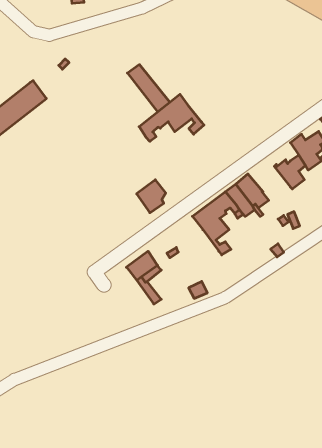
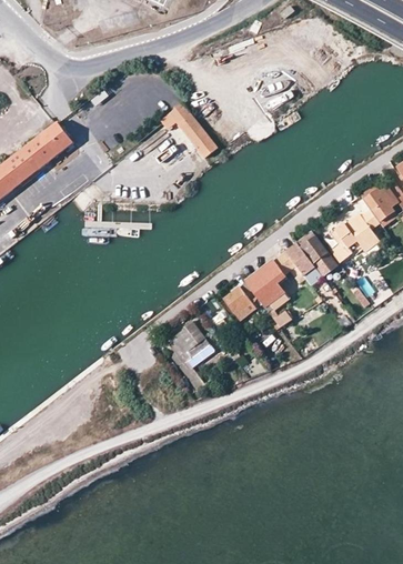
building: [139,94,204,141] -> none
building: none -> [328,222,360,261]
building: [137,180,166,213] -> [222,281,256,320]

